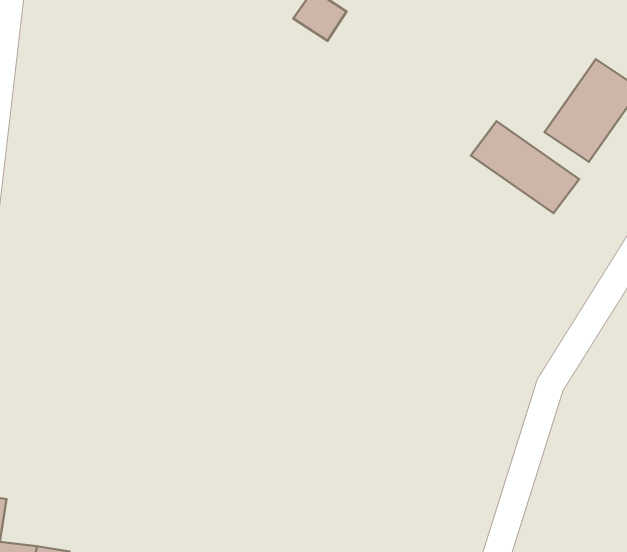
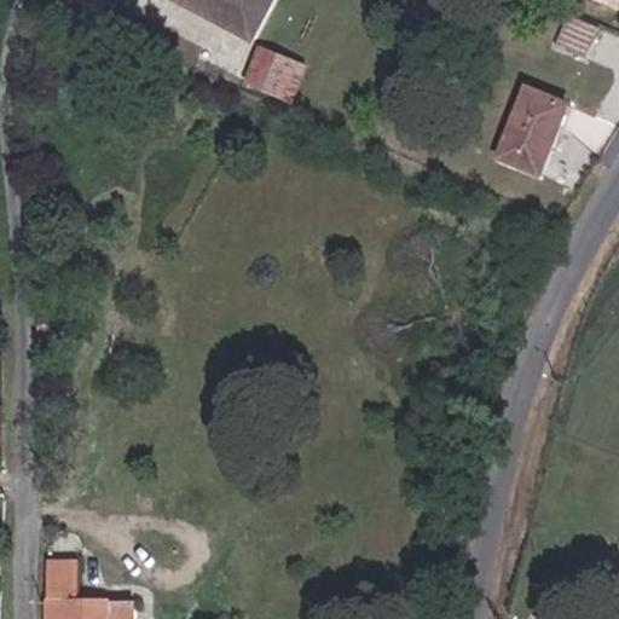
building: [471,121,579,213] -> none

